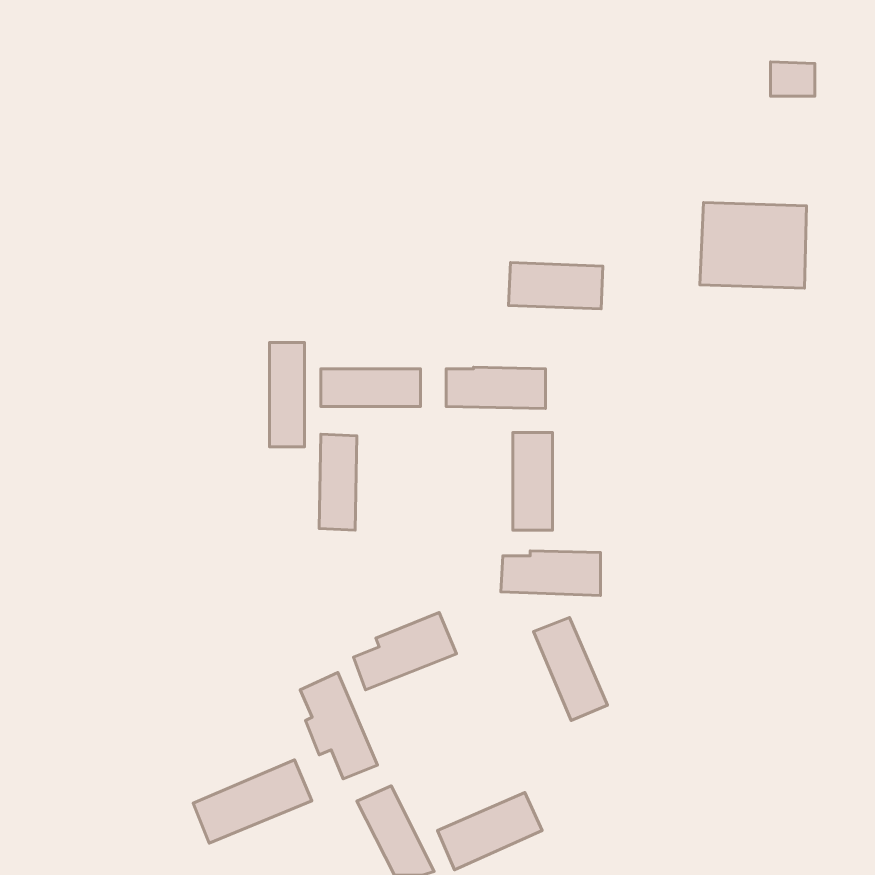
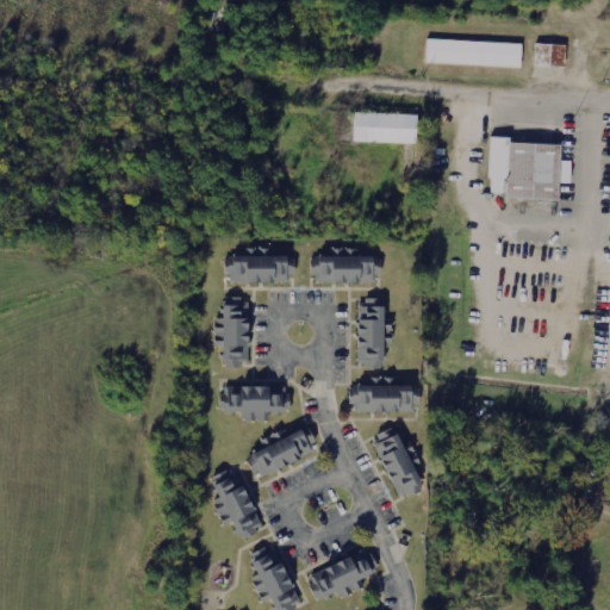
building: none -> [428,38,524,67]
building: [509,263,603,309] -> [351,111,417,143]
building: [269,342,305,447] -> none
building: none -> [224,386,287,417]
building: [193,760,312,843] -> none

